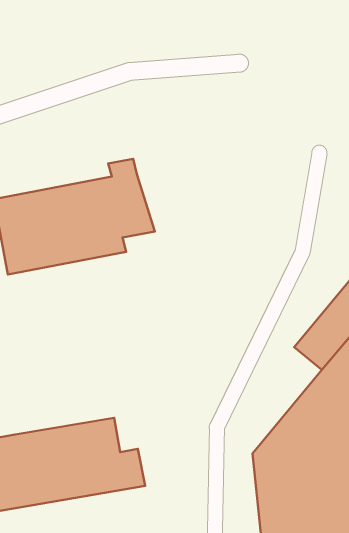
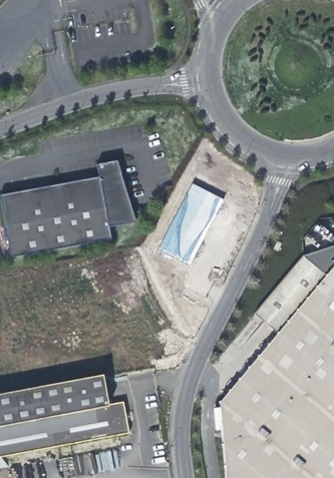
building: none -> [161,180,230,267]

